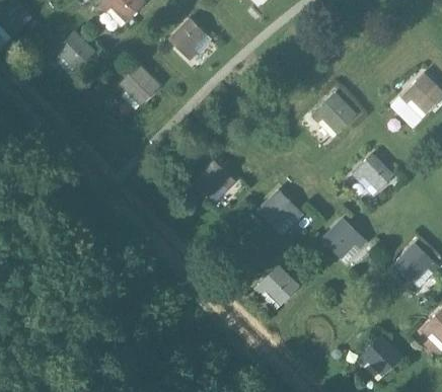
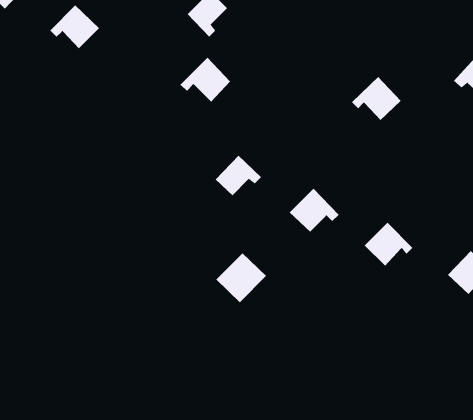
building: [115,65,159,104] -> [179,57,231,103]
building: [353,154,393,189] -> none
building: [254,265,299,309] -> [215,253,267,303]
building: [358,336,401,375] -> none

